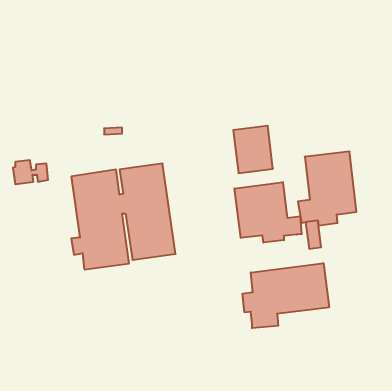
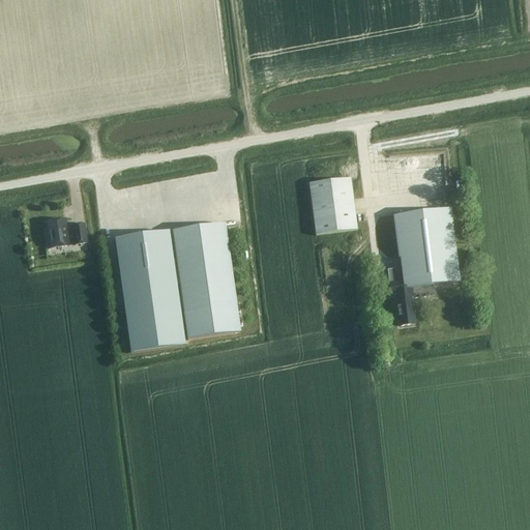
building: [234,182,302,243] -> none
building: [243,263,329,328] -> none

